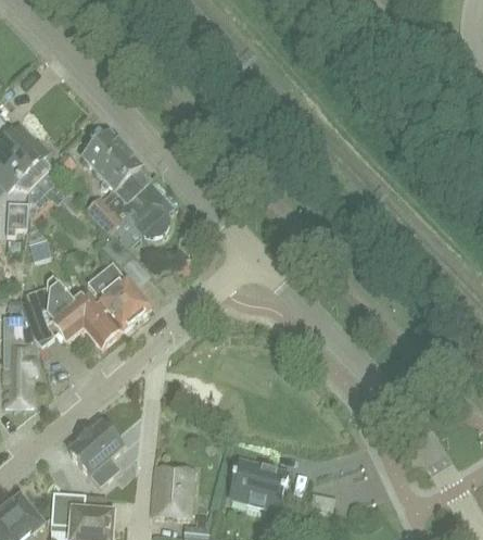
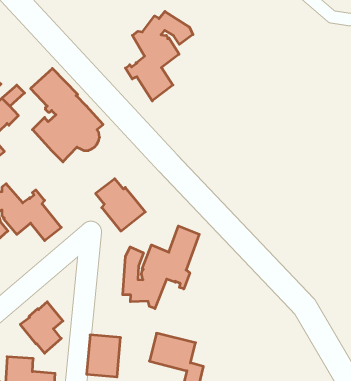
building: none -> [125,11,193,101]
building: [88,264,150,329] -> [96,179,145,231]
building: none -> [123,226,199,309]

